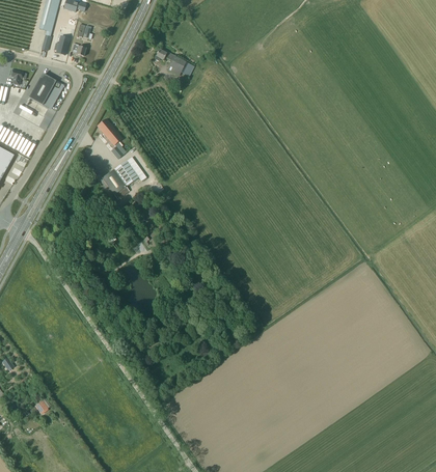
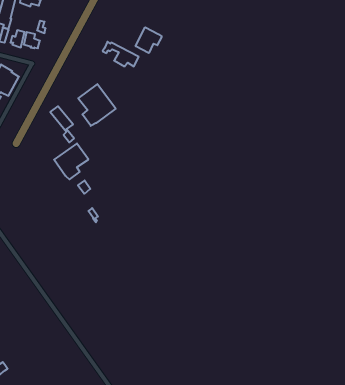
building: none -> [136,27,162,53]
building: none -> [78,84,116,126]

